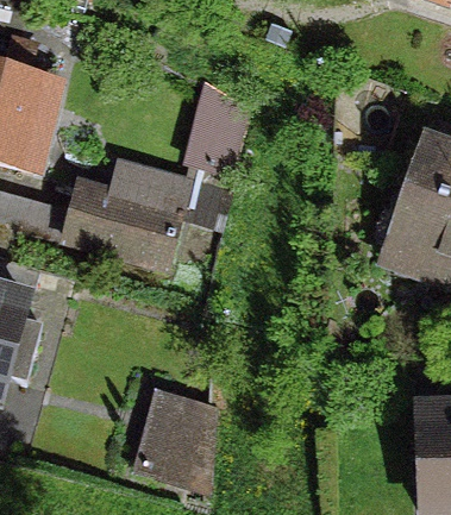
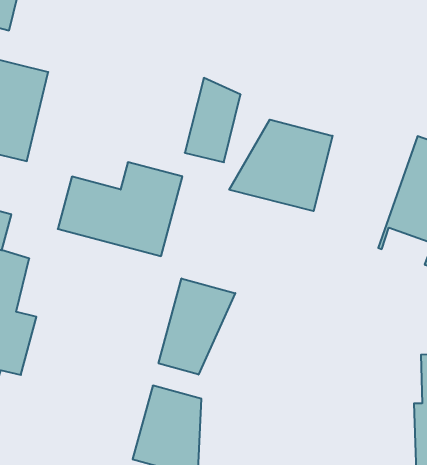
building: none -> [229,120,333,211]
building: none -> [159,278,235,375]

